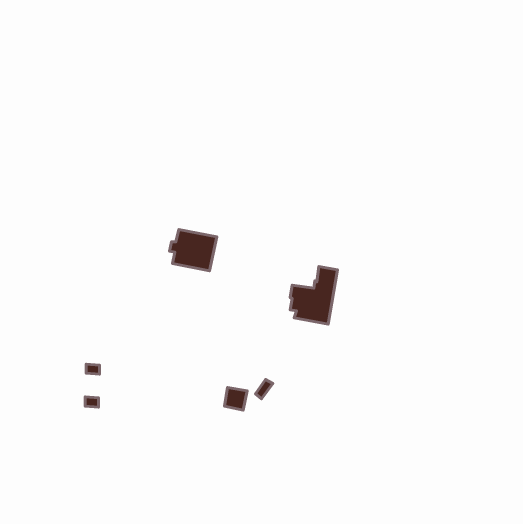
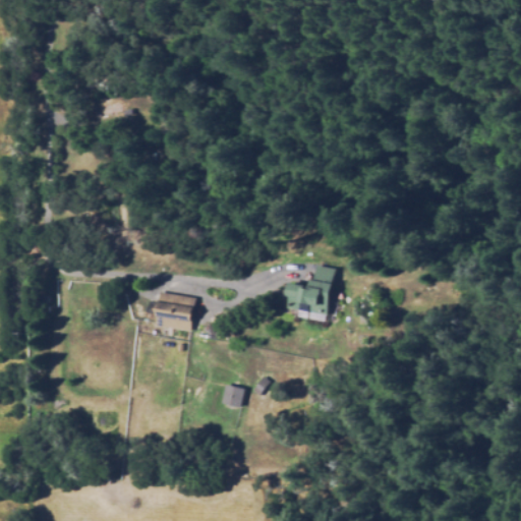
building: [170,230,217,271] -> [152,291,198,332]

